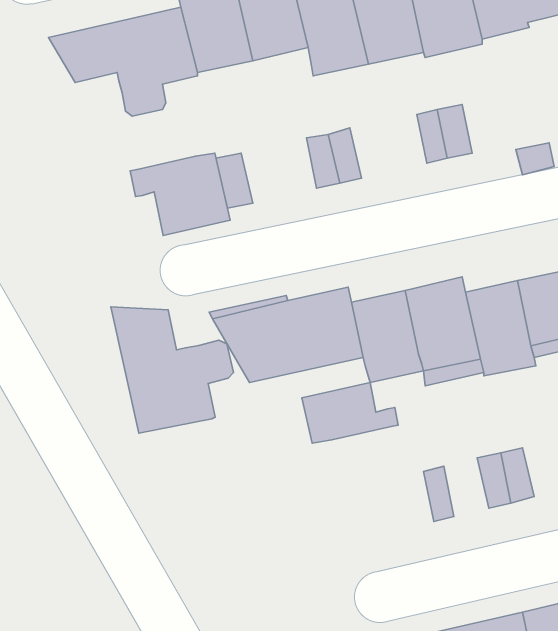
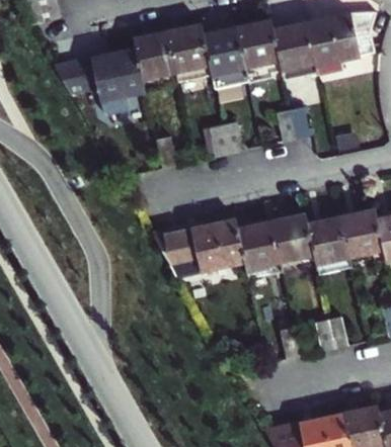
building: [130,153,230,236] -> none
building: [111,307,233,433] -> none
building: [302,383,398,443] -> none

